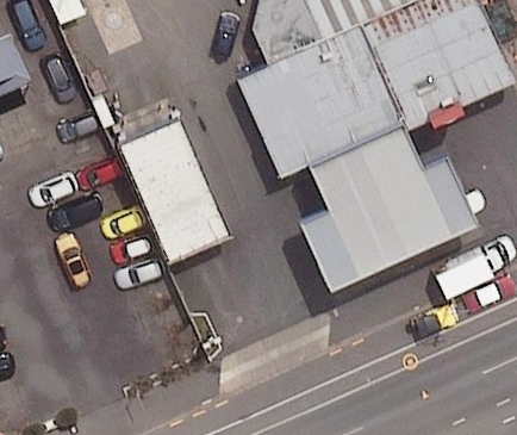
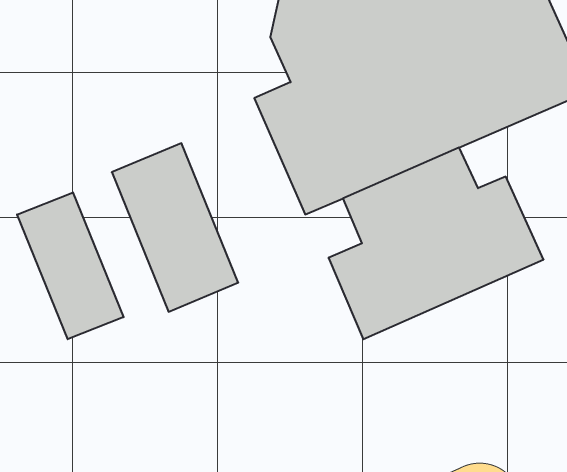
building: none -> [17,192,124,339]

